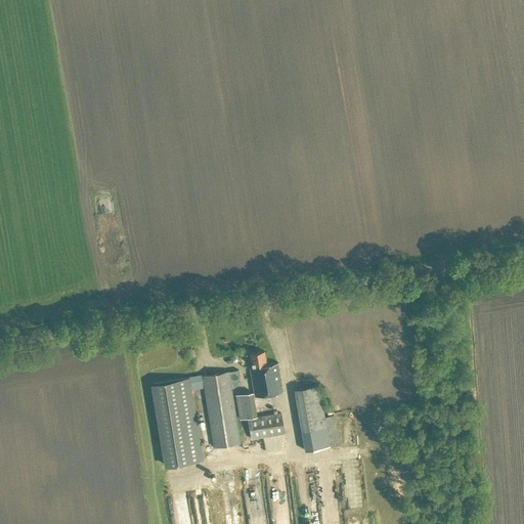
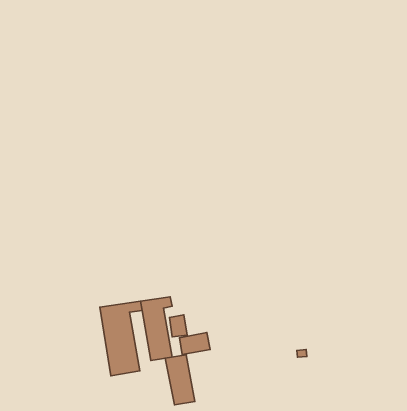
building: [249,353,281,398] -> none
building: [293,388,329,448] -> [165,355,195,405]

